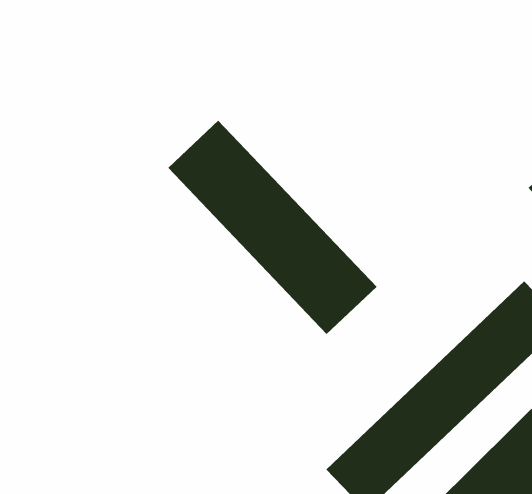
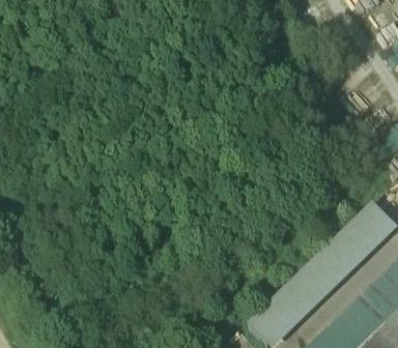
building: [167,120,377,335] -> none

